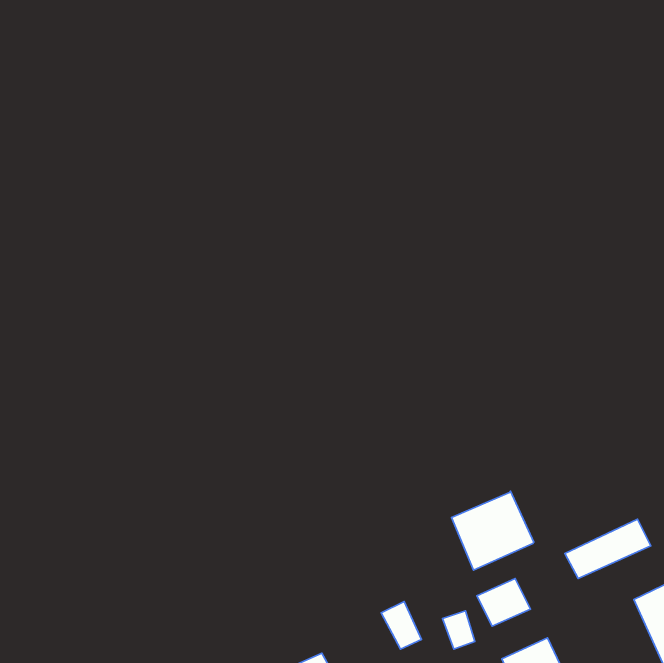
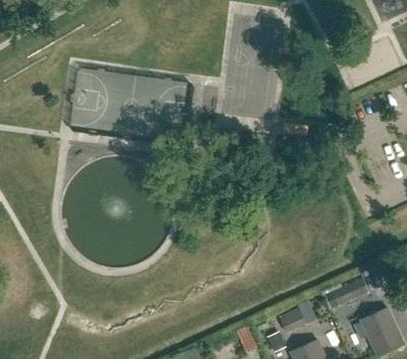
building: [451,491,534,570] -> none

